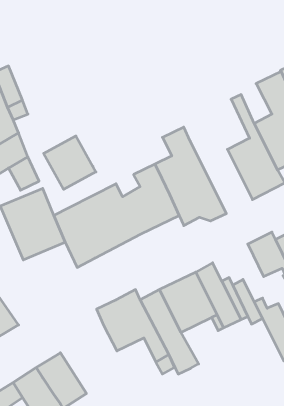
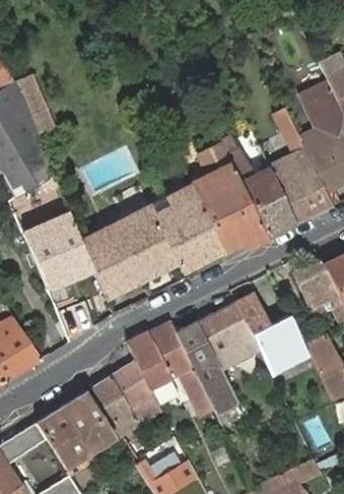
building: none -> [220,134,297,238]
building: [44,136,96,189] -> none
building: none -> [92,361,161,435]

